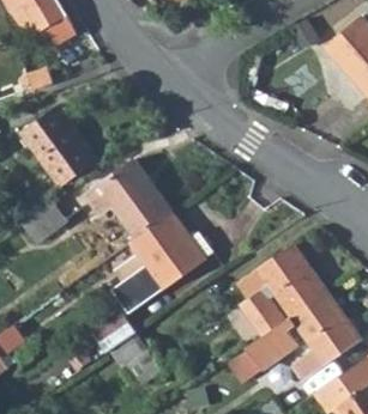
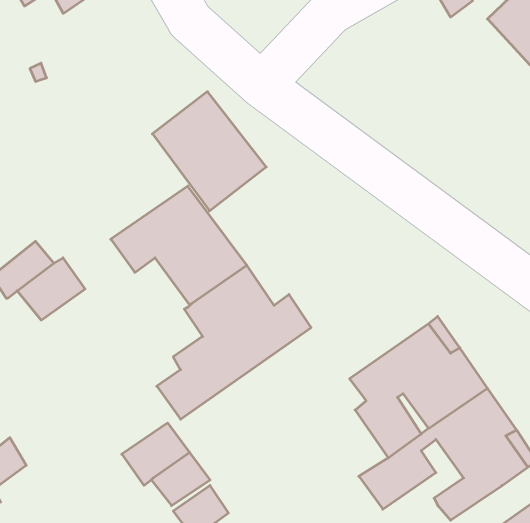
building: [20,108,95,185] -> [152,92,266,211]

